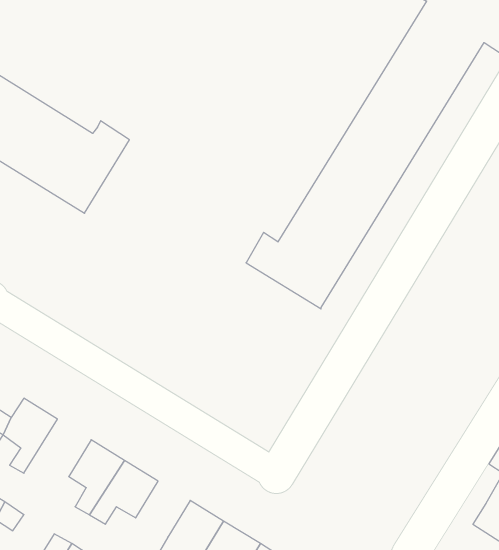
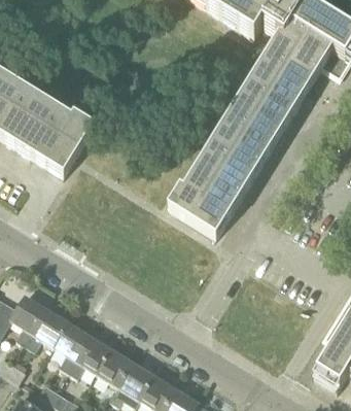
building: none -> [24,305,67,346]
building: none -> [96,345,131,381]

